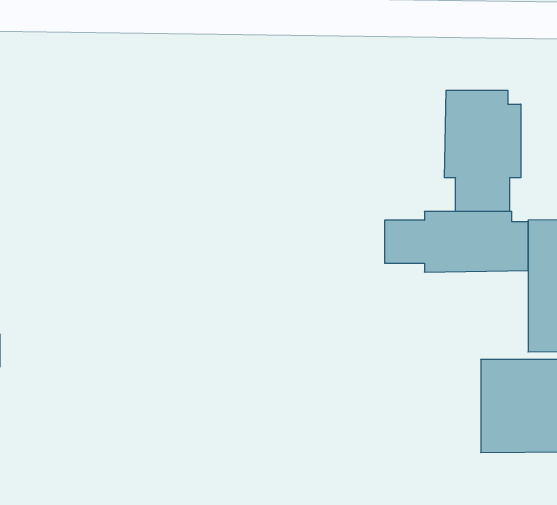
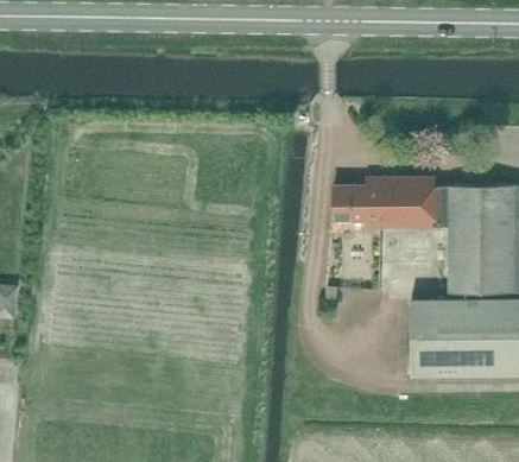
building: [444,90,521,211] -> none

